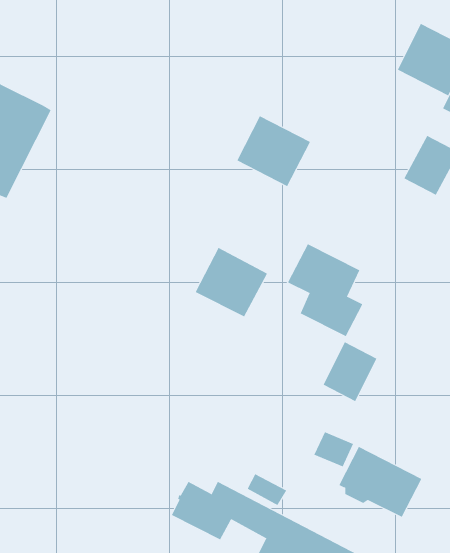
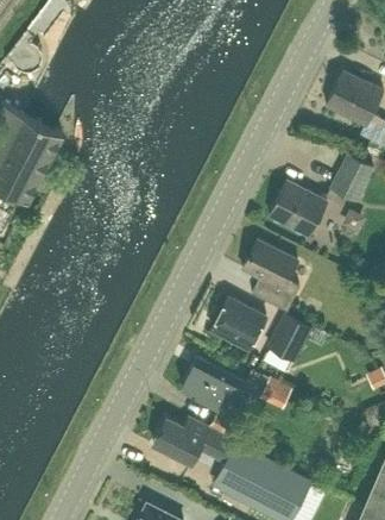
building: [236,115,311,187] -> [270,181,327,236]
building: [195,247,268,317] -> [212,295,267,349]
building: [338,446,422,518] -> [182,357,246,412]

